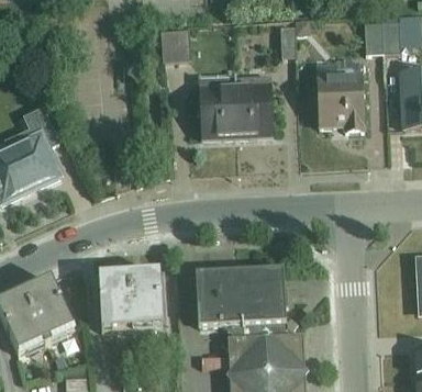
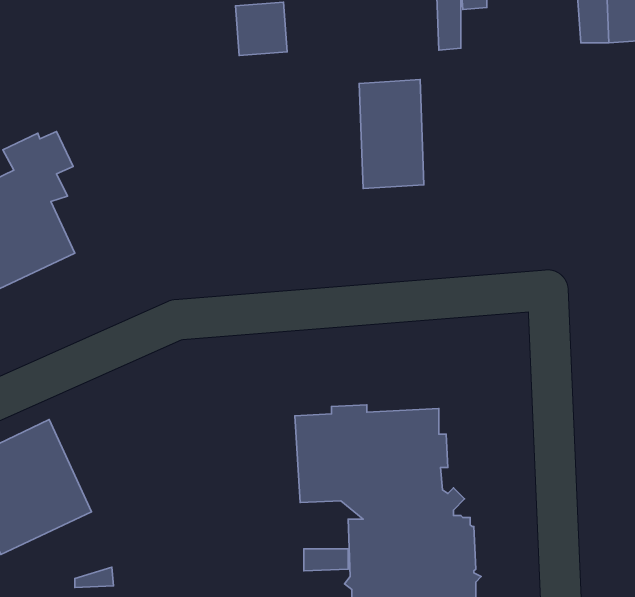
building: [314,57,365,131] -> none
building: [198,71,236,139] -> none
building: [98,270,163,328] -> none

